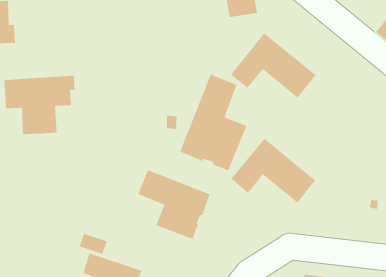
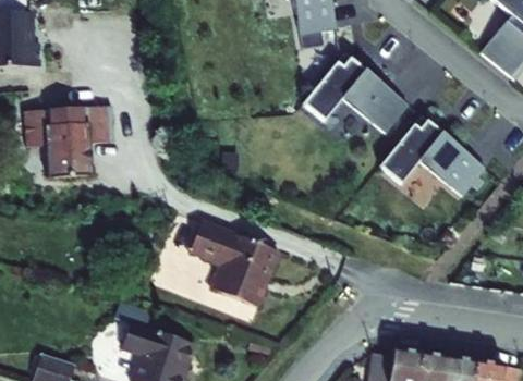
building: [180,74,247,171] -> none
building: [230,138,316,203] -> [380,115,485,196]

